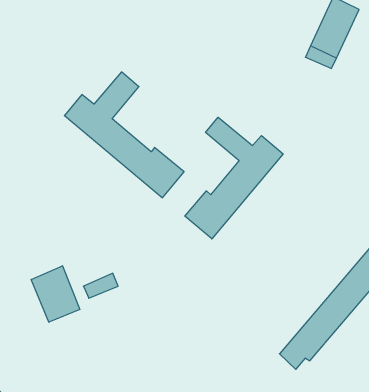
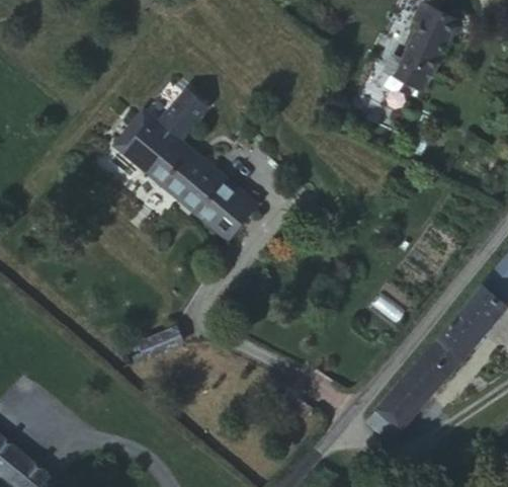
building: [185,117,283,239] -> none
building: [31,266,80,322] -> none

